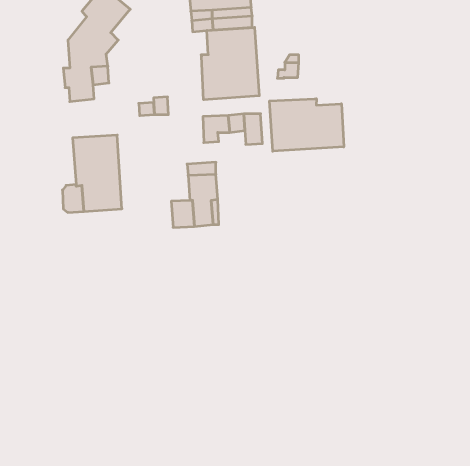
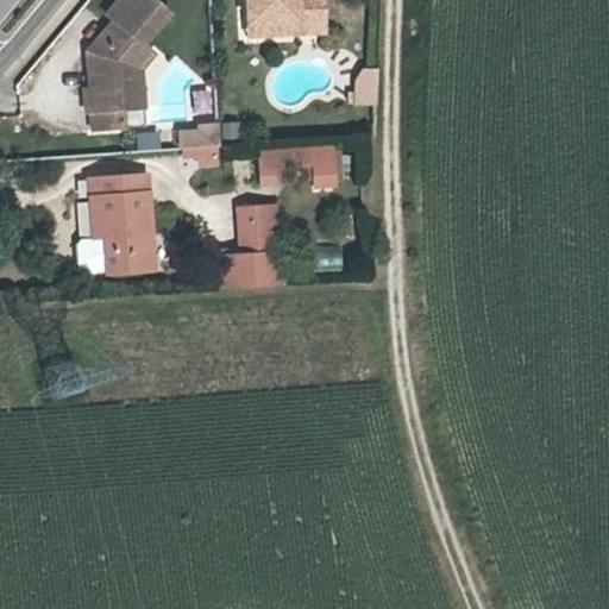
building: [201,27,259,100] -> none
building: [270,99,344,151] -> none

